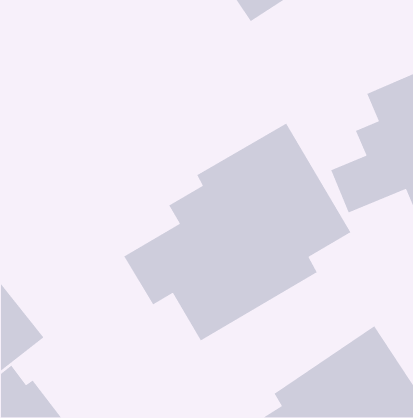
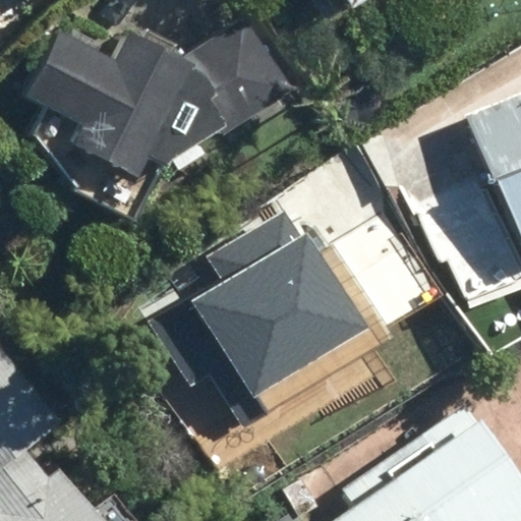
building: none -> [24,33,282,180]

